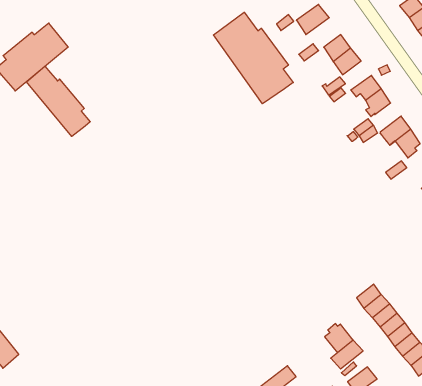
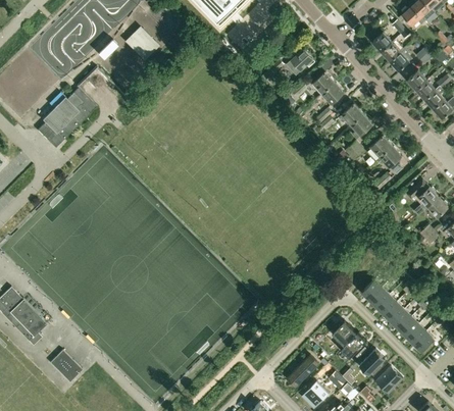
building: [213,12,293,104] -> none
building: [27,66,90,136] -> none

